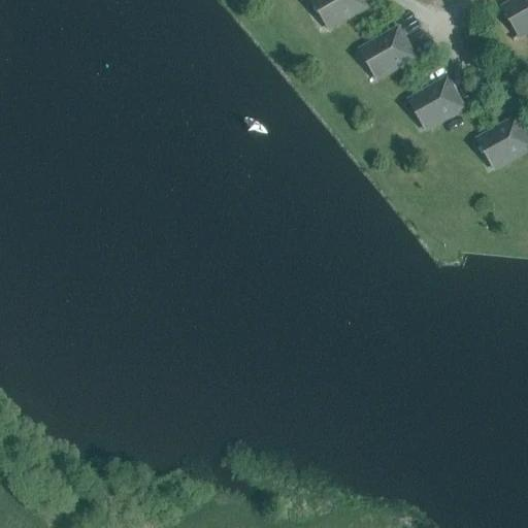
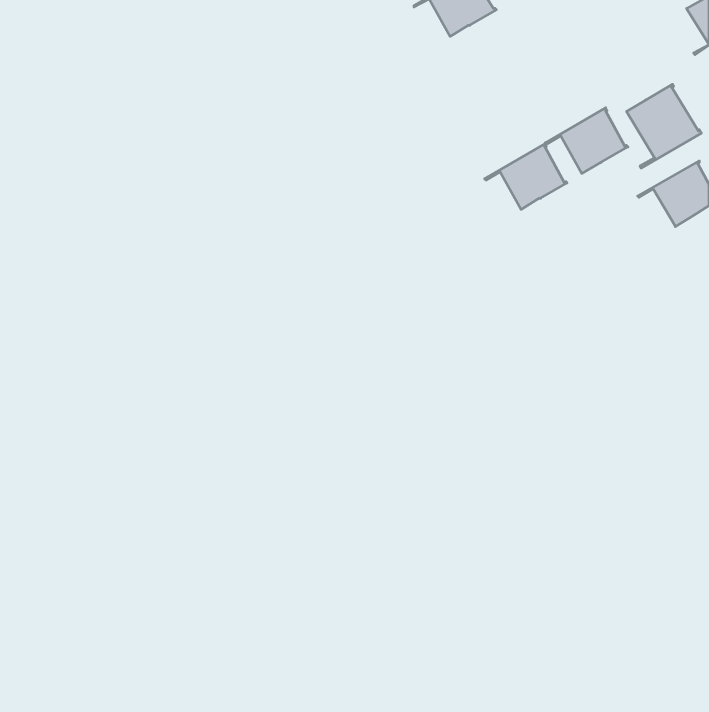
building: [354,29,415,77] -> [485,144,567,209]
building: none -> [627,84,701,168]

